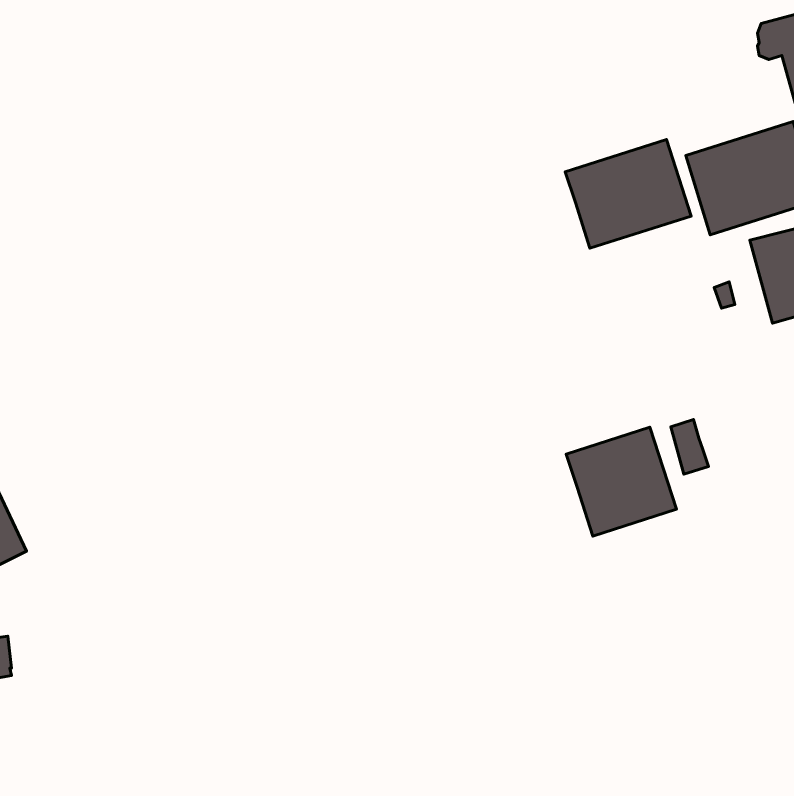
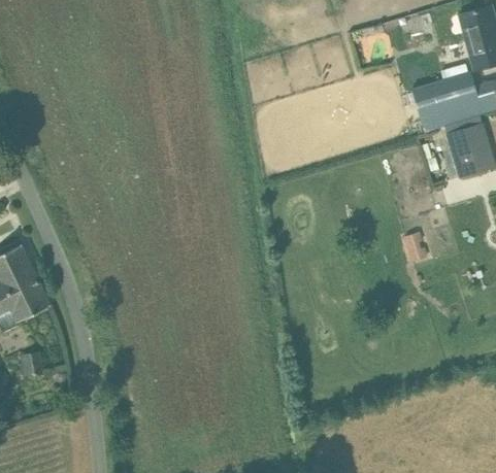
building: [565,140,691,248] -> none
building: [566,427,677,536] -> none

